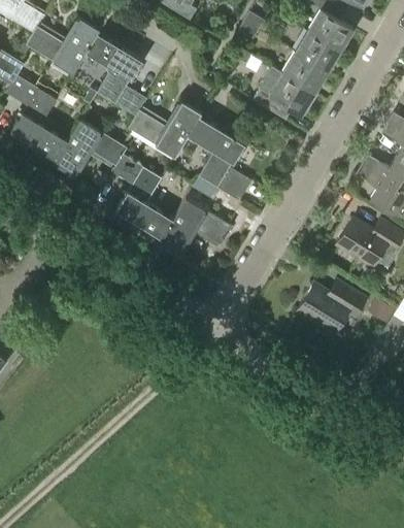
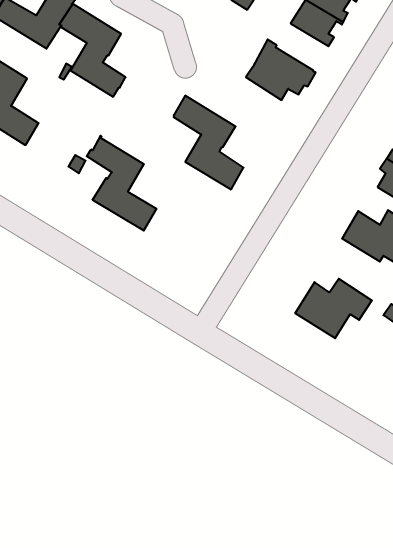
building: [279,52,327,94] -> none
building: [127,101,200,158] -> none
building: [52,120,126,176] -> none
building: [158,198,231,254] -> none

